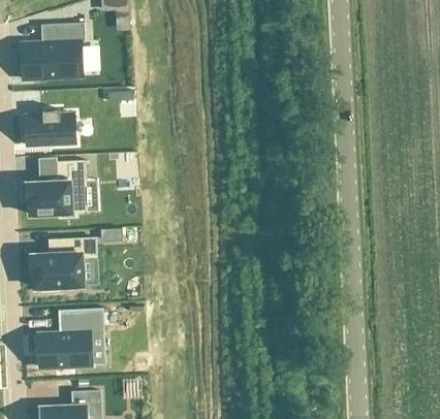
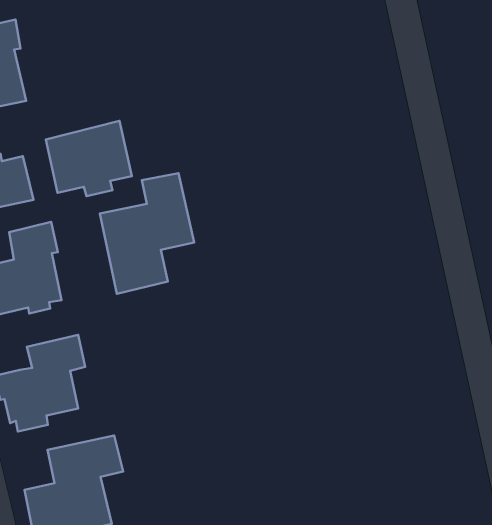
building: none -> [46,121,132,196]
building: none -> [100,173,194,294]

